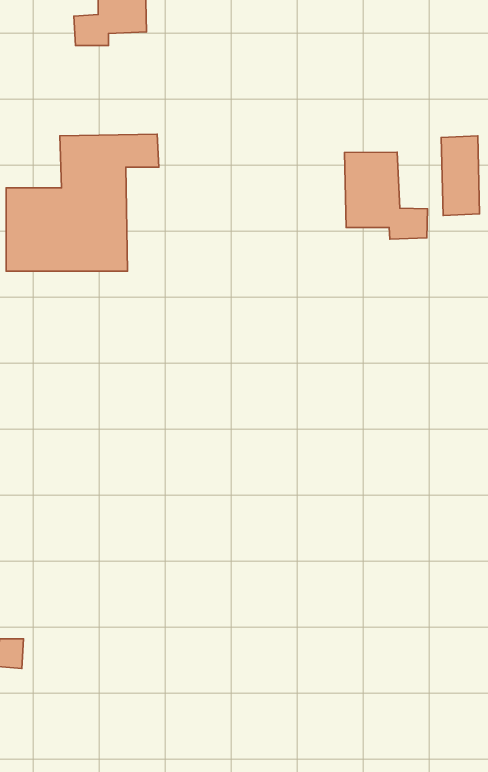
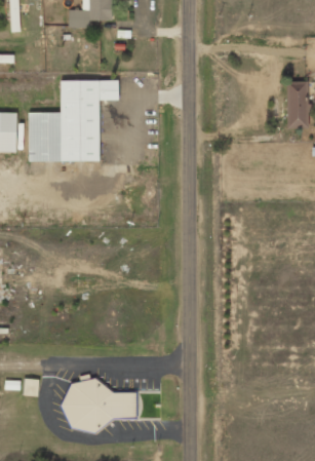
building: [344,152,427,239] -> none
building: none -> [66,375,137,425]

